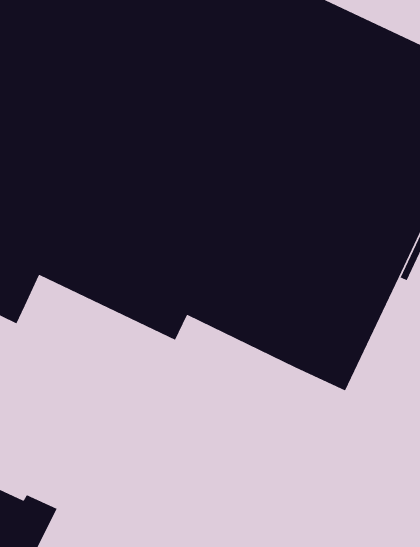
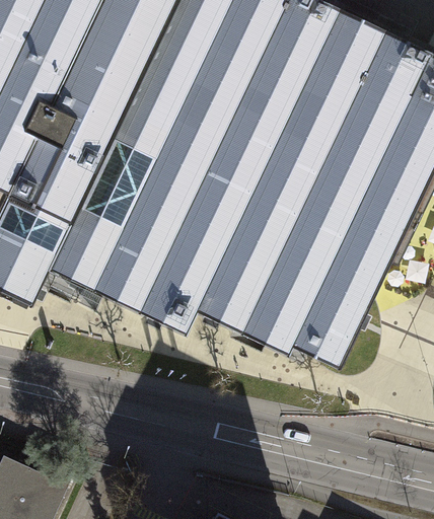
building: none -> [37,258,289,353]

